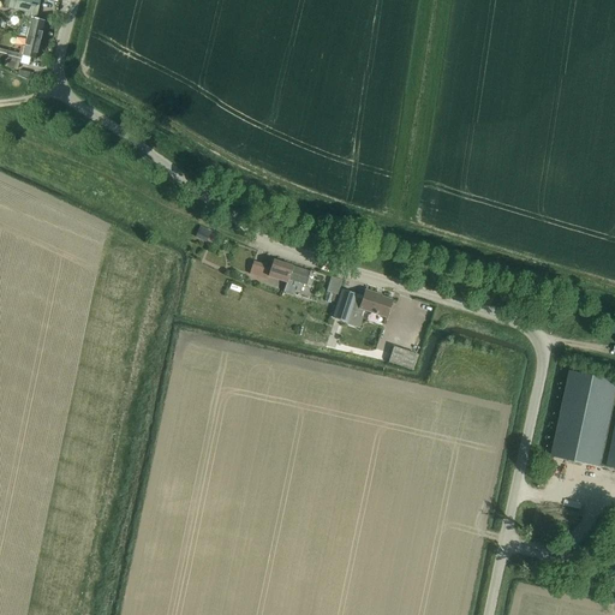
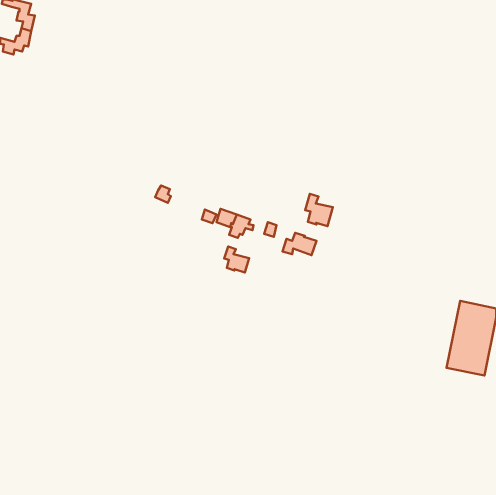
building: none -> [305,194,333,226]
building: none -> [224,246,249,272]

